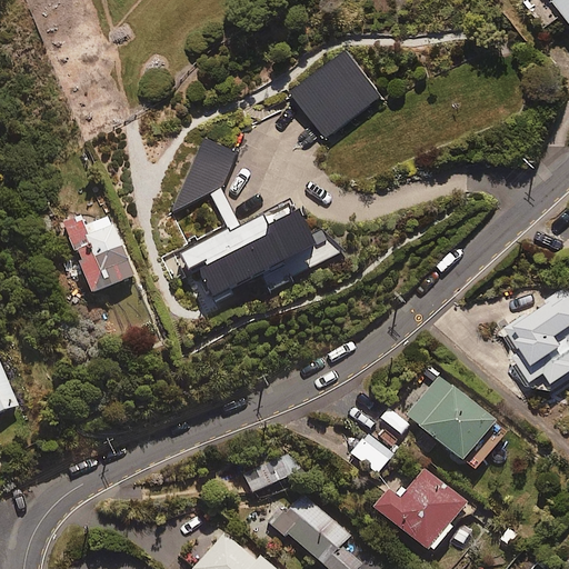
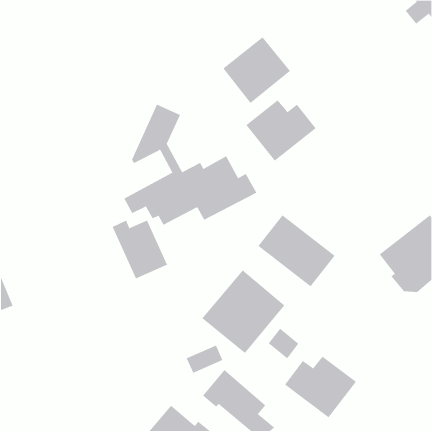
building: none -> [246,99,316,161]
building: [62,214,136,292] -> [112,220,168,279]
building: none -> [201,270,285,354]
building: [407,375,509,470] -> [258,215,335,287]

